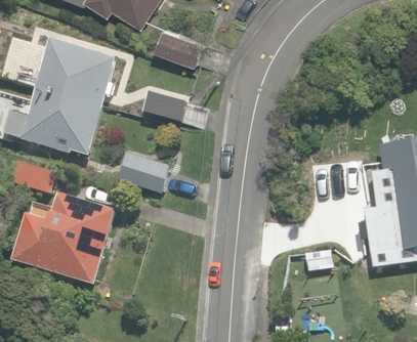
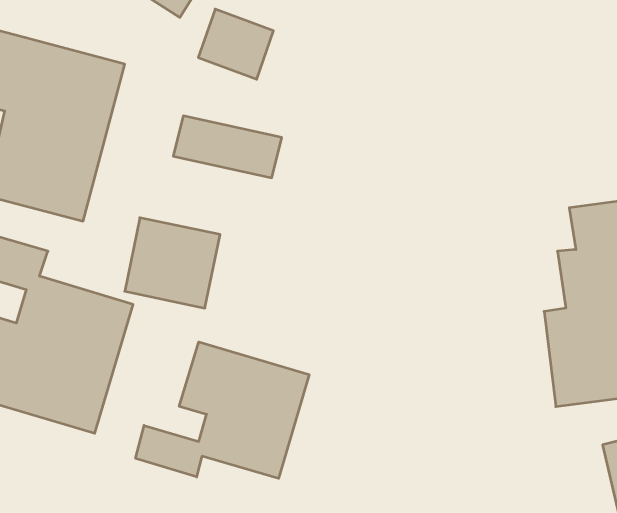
building: none -> [136,342,309,478]

